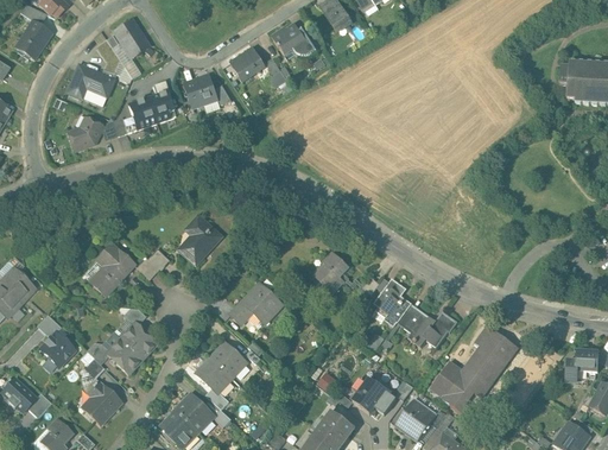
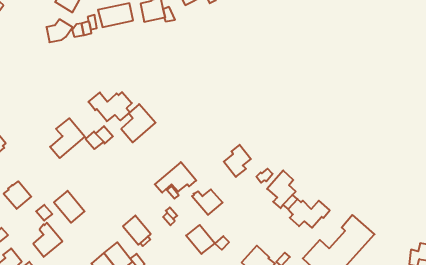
building: none -> [88,92,132,121]
building: none -> [192,189,223,215]
building: [120,319,160,359] -> none
building: [210,341,248,378] -> [186,225,215,254]

